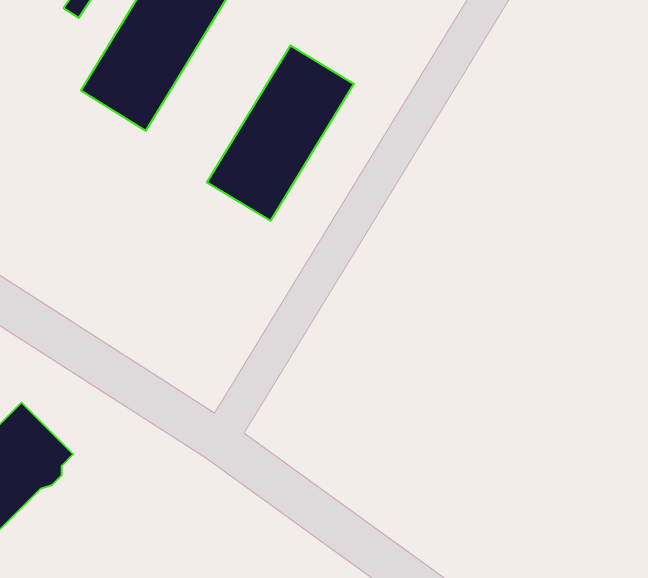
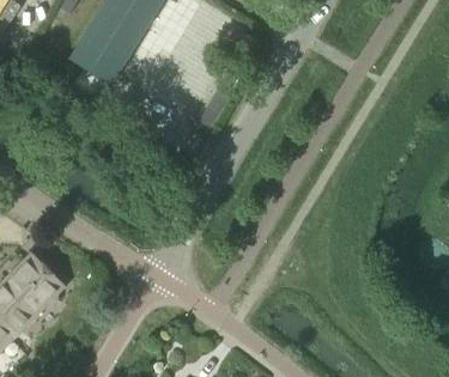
building: [207,45,354,221] -> none

